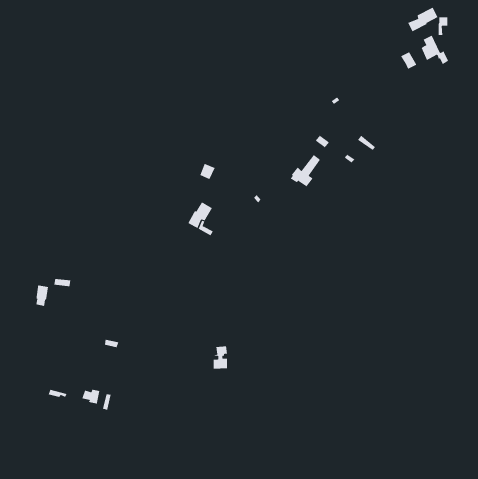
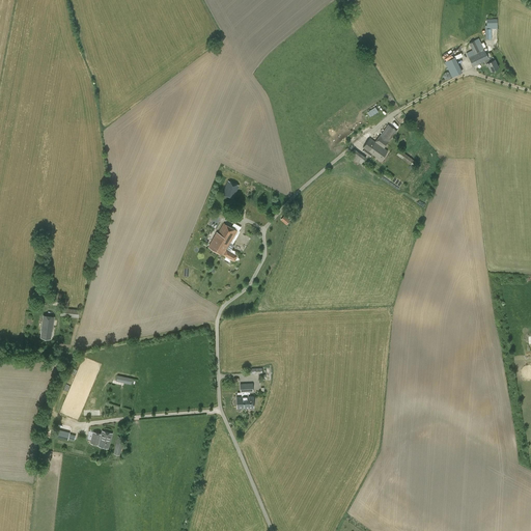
building: [408,7,438,32] -> none
building: [290,154,321,187] -> [361,124,395,161]

